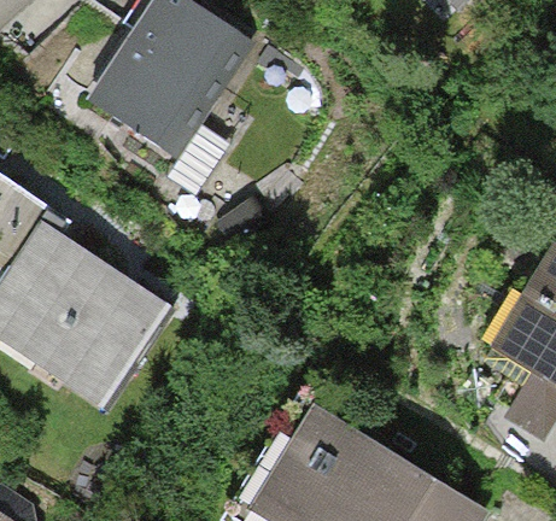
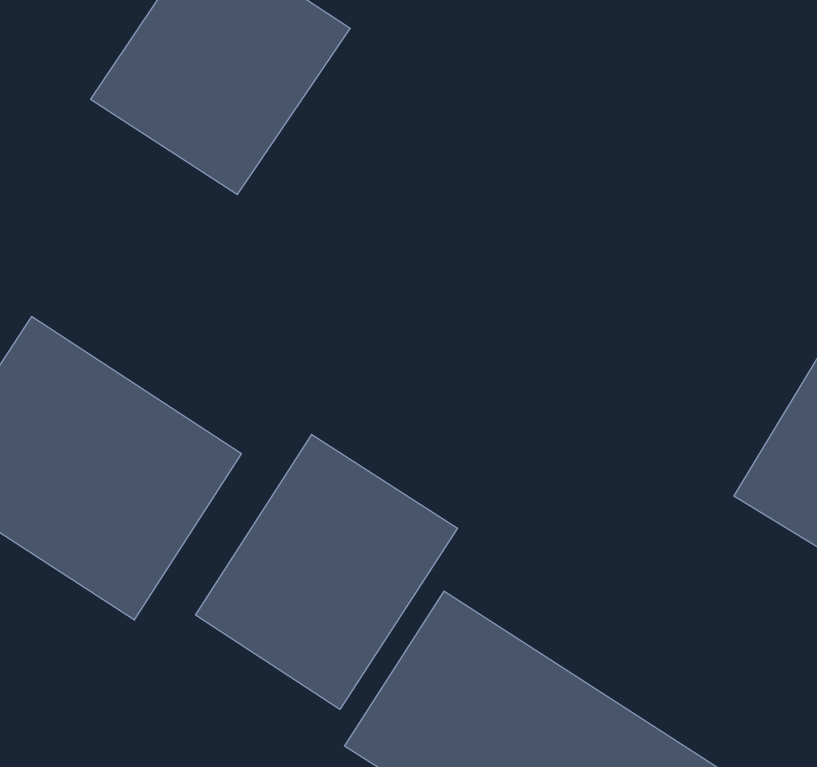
building: none -> [196,434,458,709]

